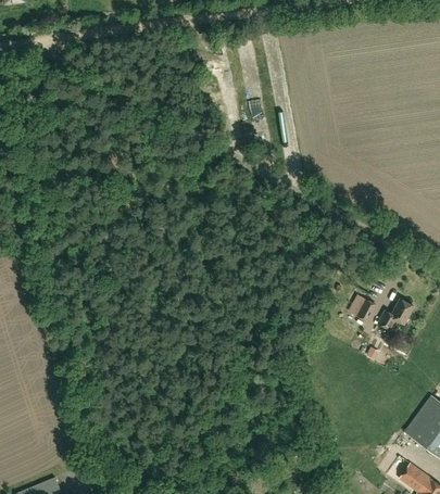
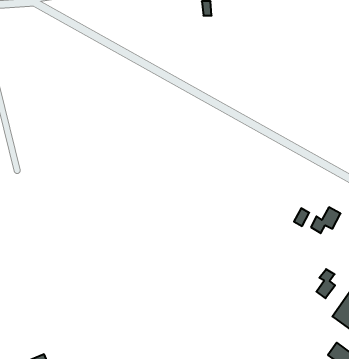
building: none -> [316,269,335,298]

